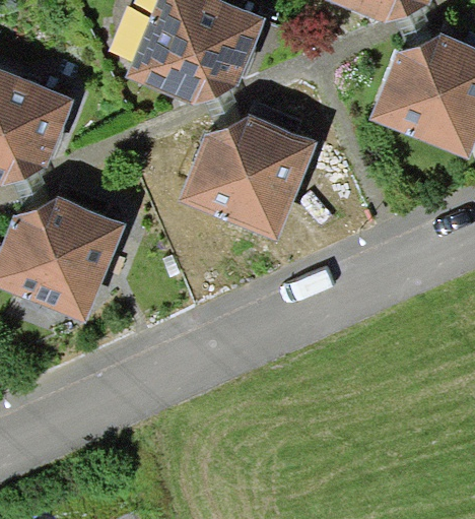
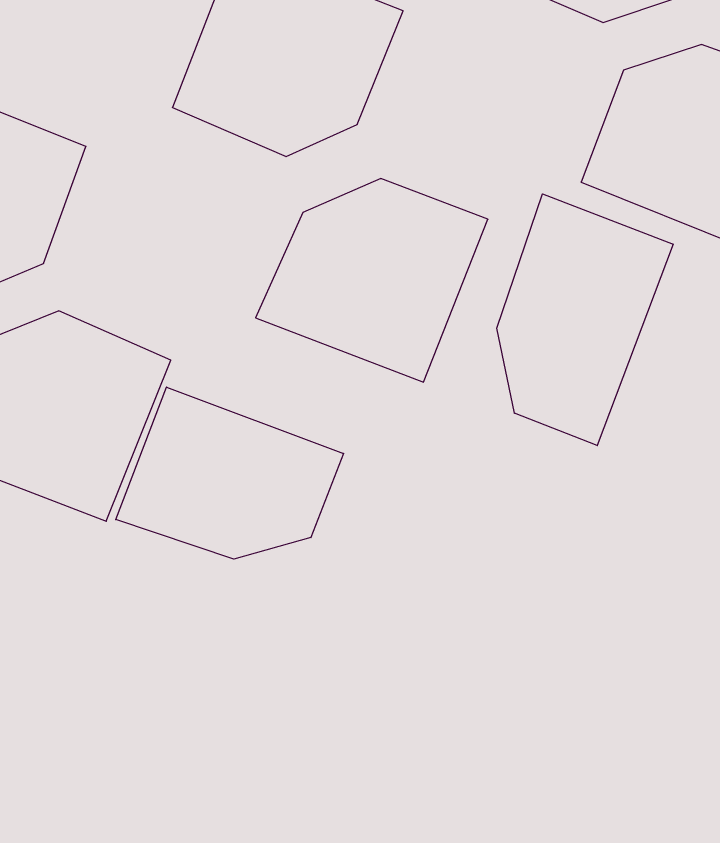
building: none -> [497,194,673,446]
building: none -> [116,387,344,559]

